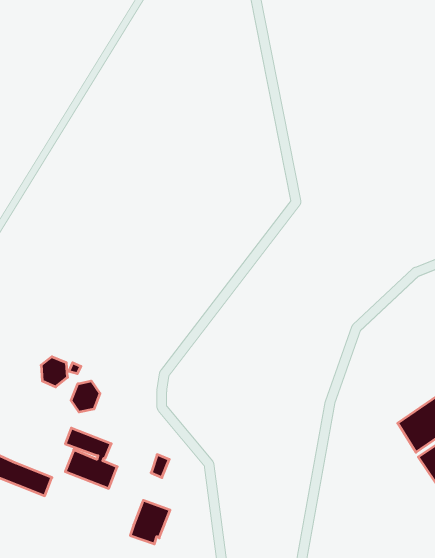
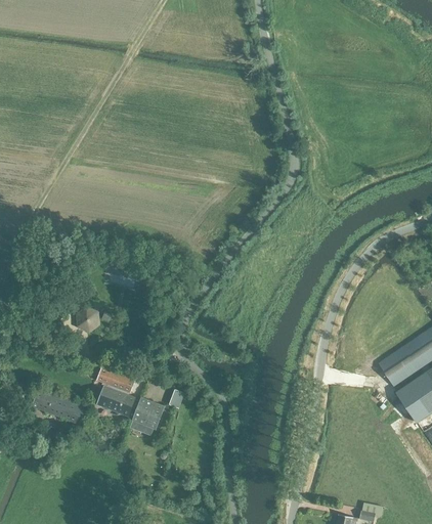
building: [71,381,100,412] -> none
building: [130,500,170,544] -> [130,398,164,435]

